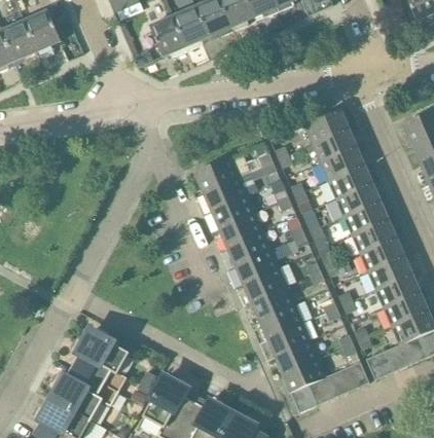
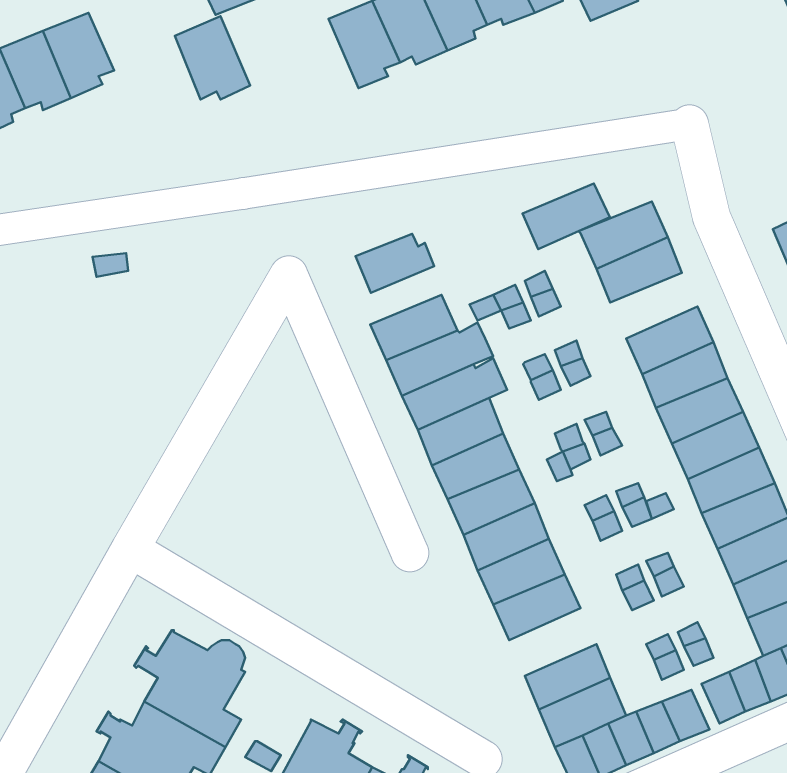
building: [148,13,187,57] -> [175,16,250,100]
building: none -> [356,234,434,293]
building: [318,145,363,179] -> [522,184,610,249]
building: [265,319,311,354] -> none

